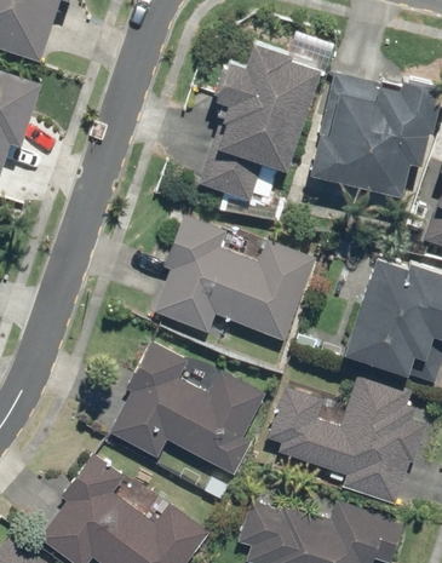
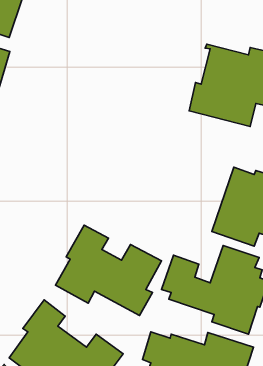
building: [199,40,318,199] -> none
building: [154,214,316,341] -> none

